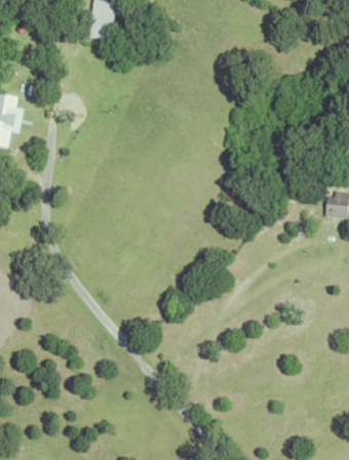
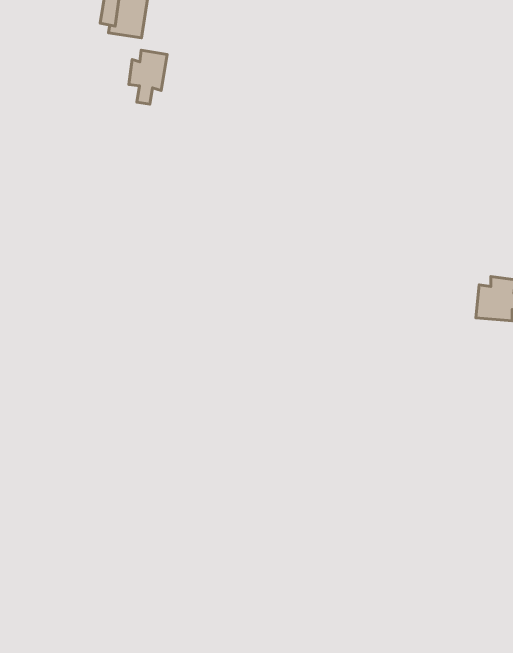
building: none -> [129,50,167,104]

